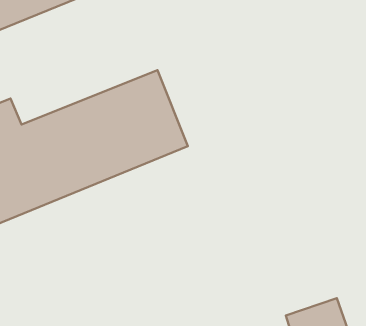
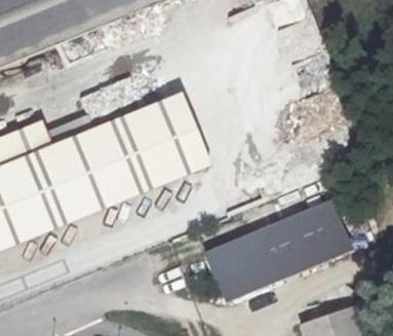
building: none -> [206,201,351,301]

